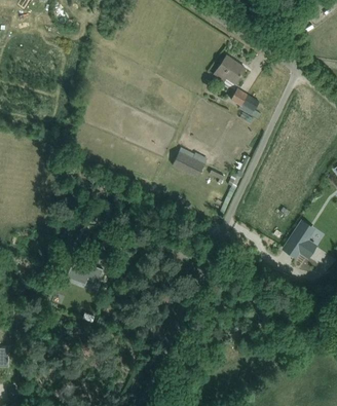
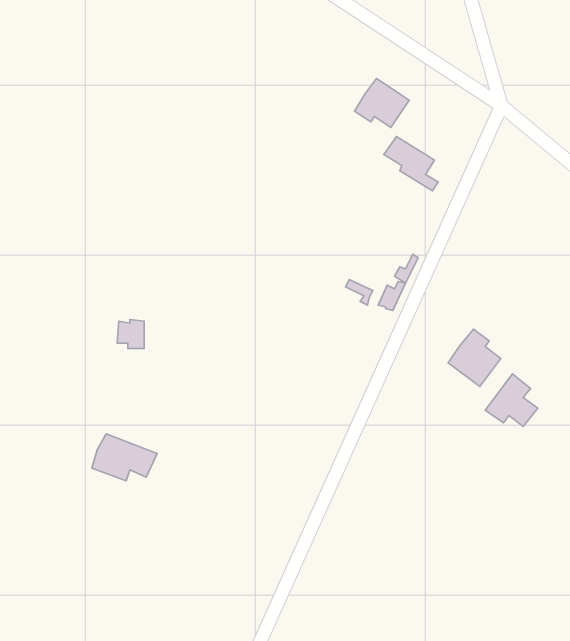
building: [171,150,207,178] -> none
building: none -> [448,329,501,386]

